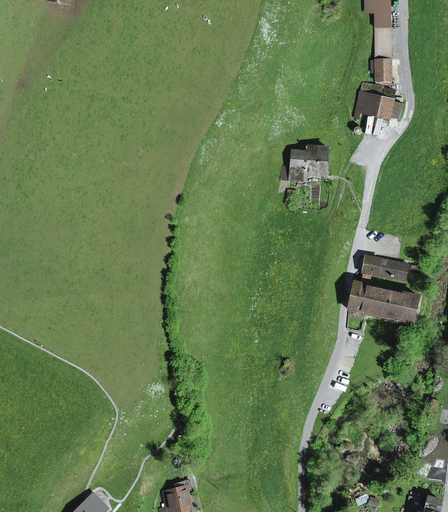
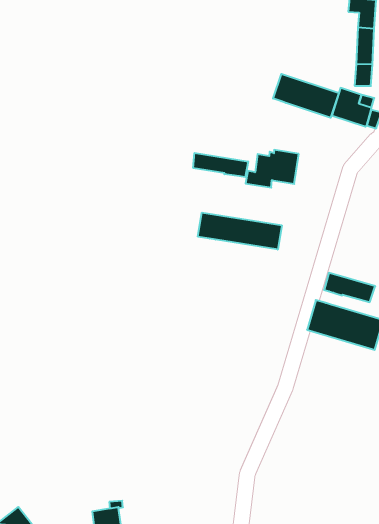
building: none -> [273,74,339,118]
building: none -> [193,153,248,177]
building: none -> [198,213,282,250]

